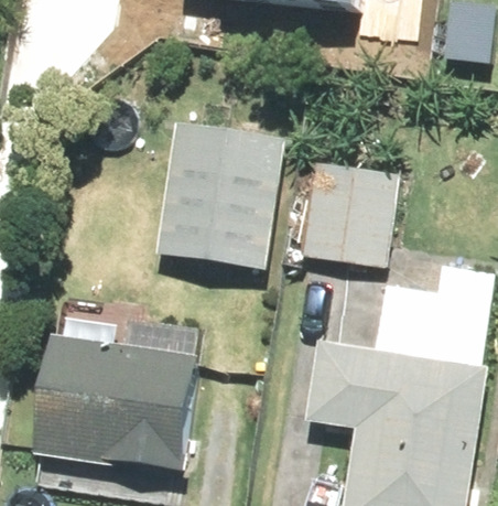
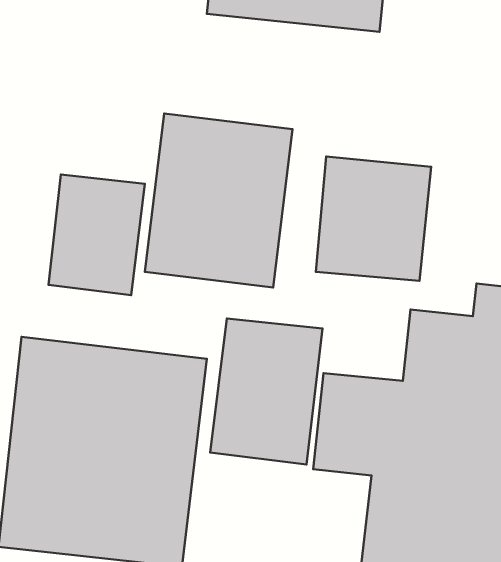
building: none -> [48,174,145,295]
building: none -> [210,318,323,464]

